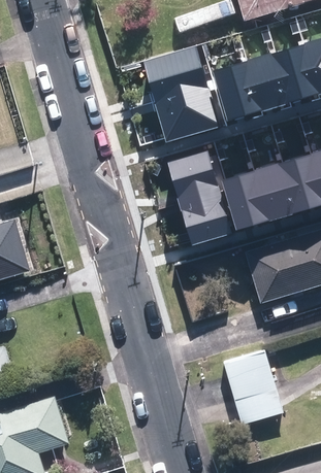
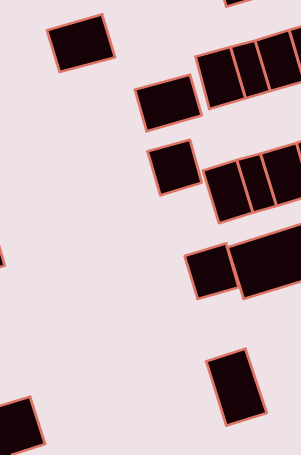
building: [142,45,208,101] -> [47,14,115,72]
building: [180,191,232,244] -> [185,243,239,299]

